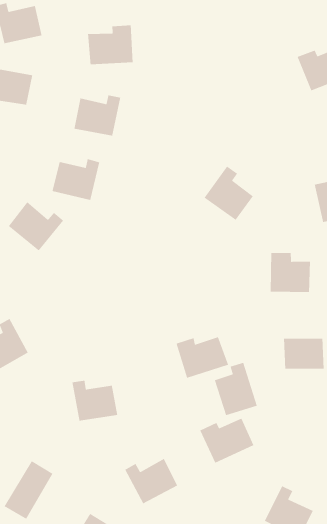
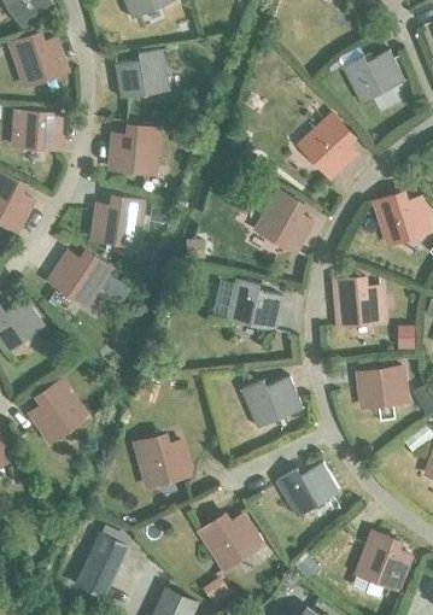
building: none -> [300,115,356,177]
building: none -> [228,280,282,329]
building: [214,362,258,416] -> none

